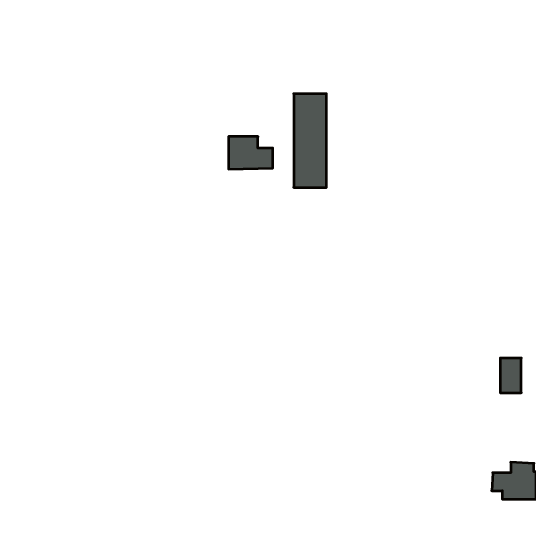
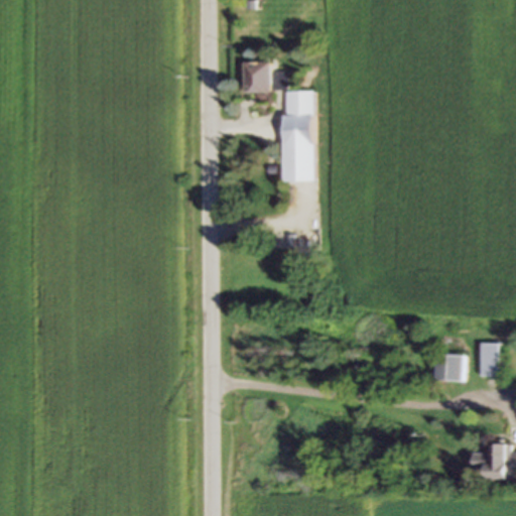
building: [229,137,273,169] -> [242,59,284,91]
building: none -> [434,355,463,380]

